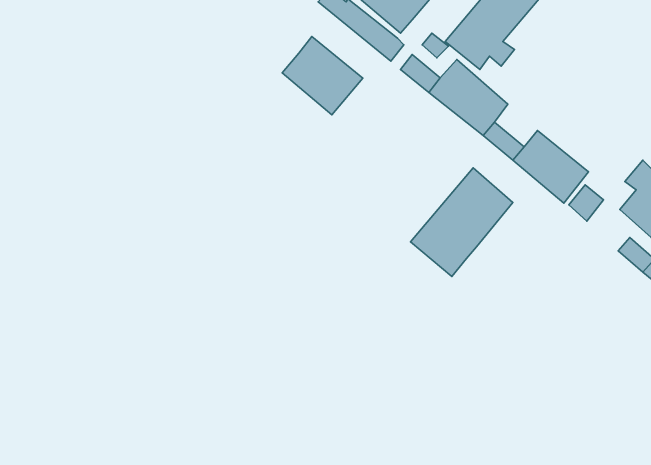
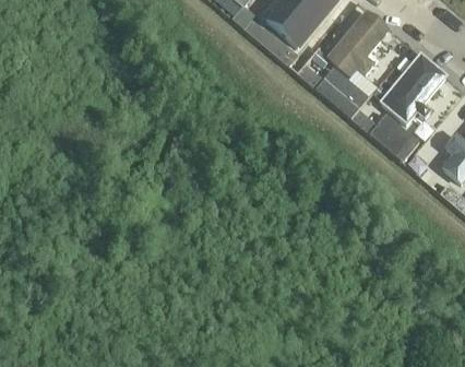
building: [282,37,363,115] -> none
building: [411,168,513,277] -> [379,51,446,123]

